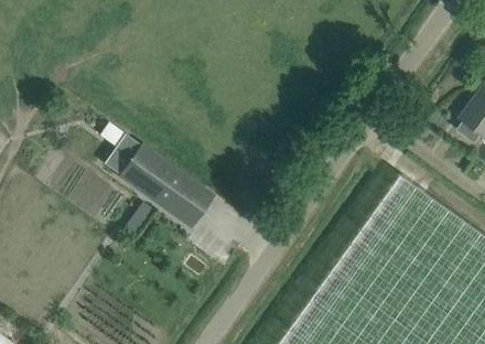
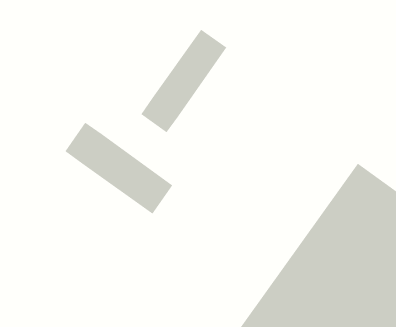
building: none -> [141,29,227,133]

